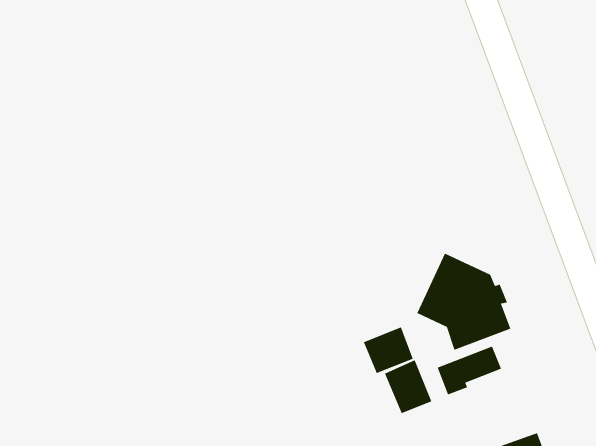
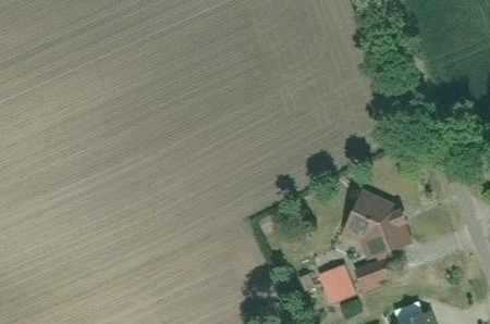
building: [363,326,413,374] -> none

